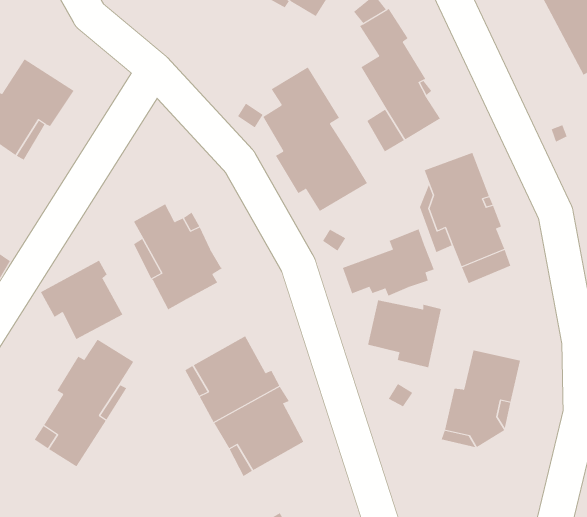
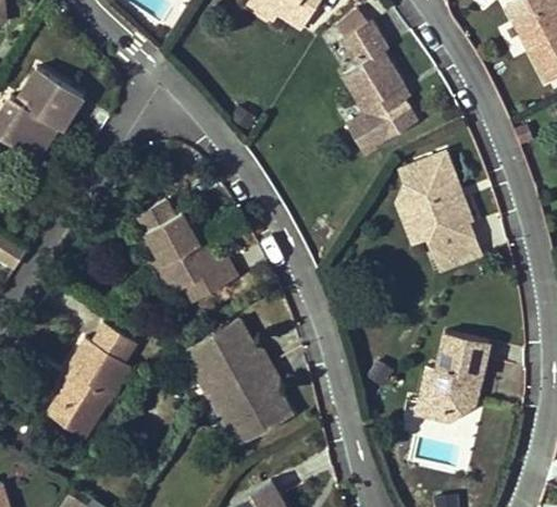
building: [262,67,368,212] -> none
building: [342,229,434,297] -> none
building: [40,260,123,340] -> none
building: none -> [186,253,238,301]
building: [367,299,442,368] -> none

